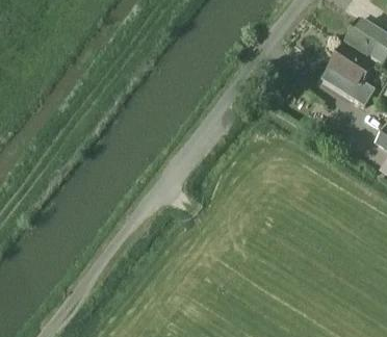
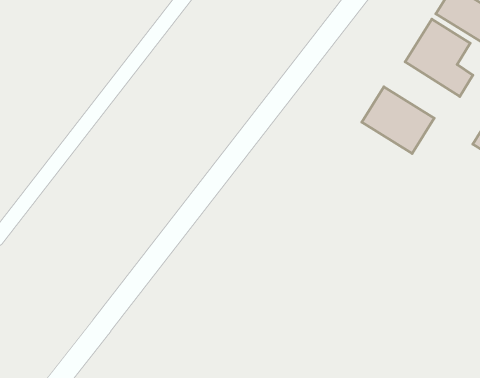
building: none -> [362,87,434,154]

